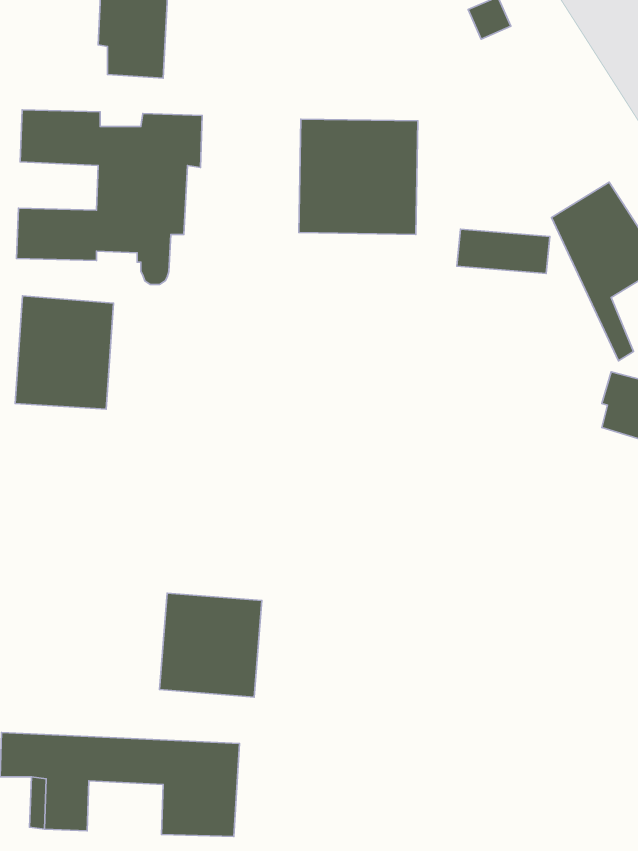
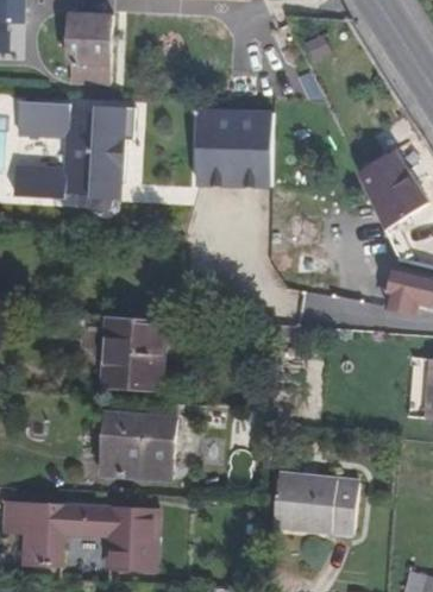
building: [457,229,550,274] -> [299,292,358,321]
building: [15,296,114,409] -> [102,315,165,388]
building: none -> [272,472,357,533]

